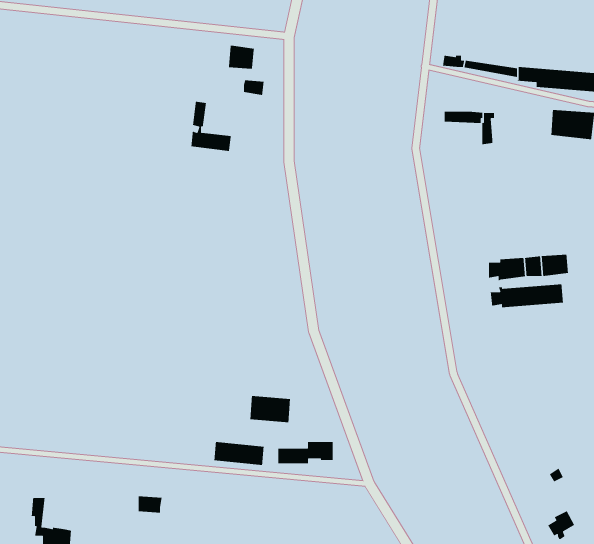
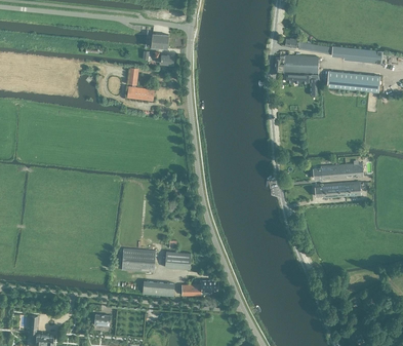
building: none -> [275,54,318,72]
building: none -> [326,70,353,88]
building: none -> [121,247,155,271]

